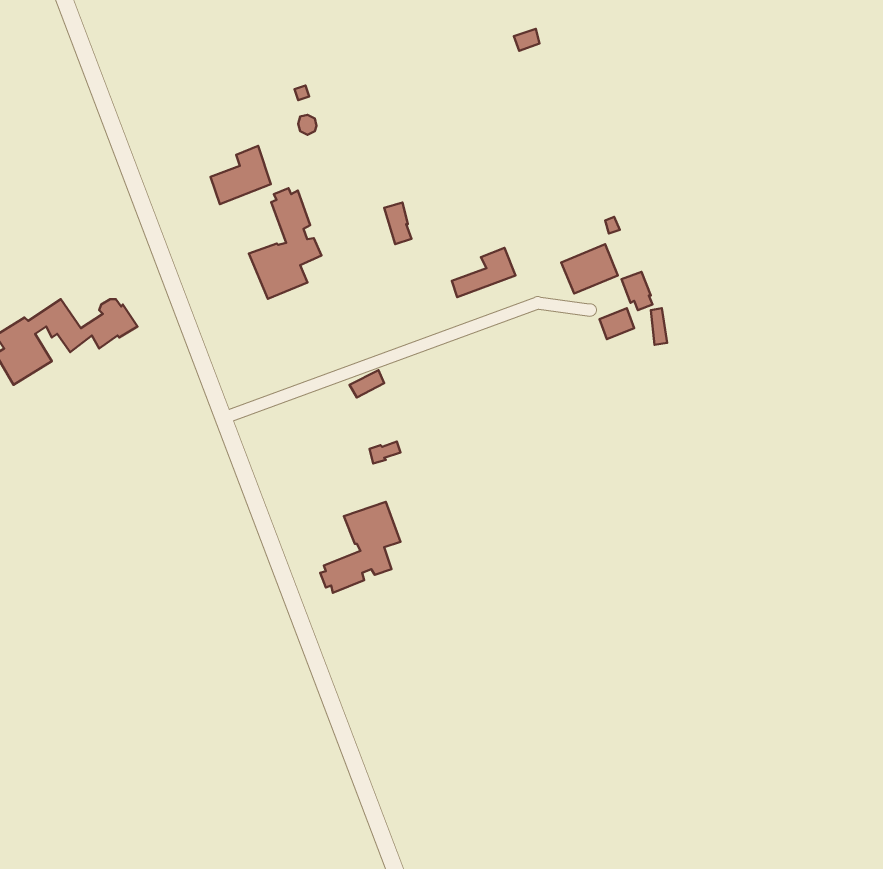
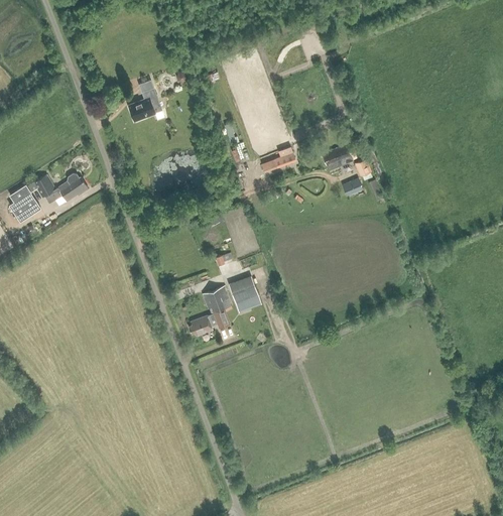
building: [249,188,321,299] -> none
building: none -> [228,275,258,304]

